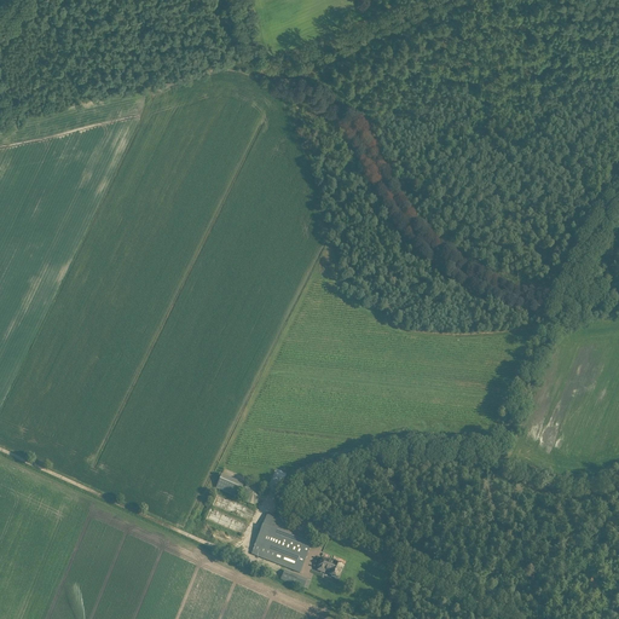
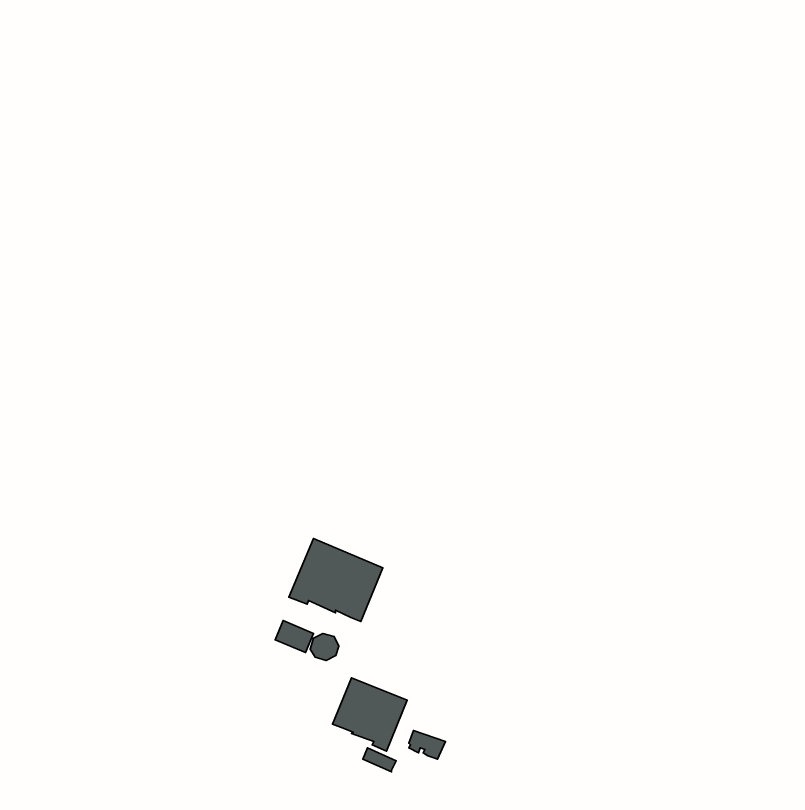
building: none -> [289,538,383,622]

